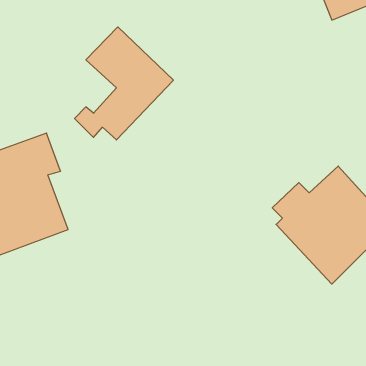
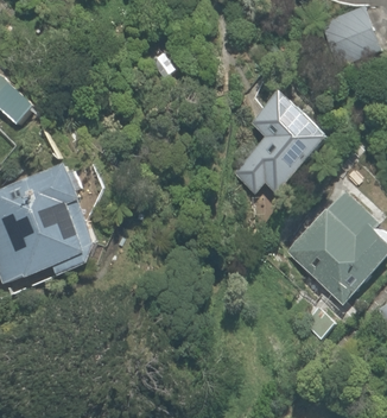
building: [75,27,173,140] -> [233,88,325,194]

